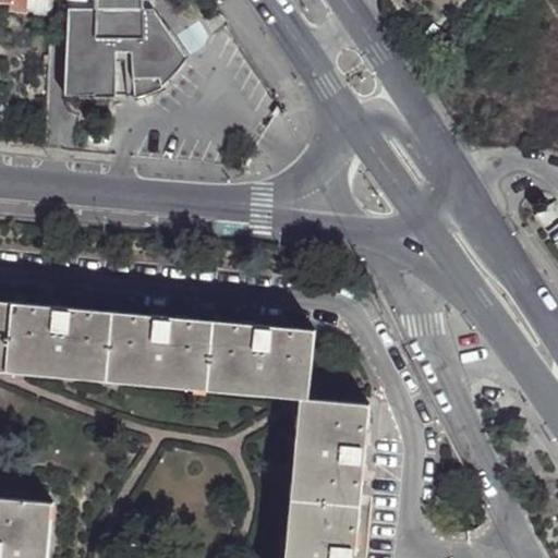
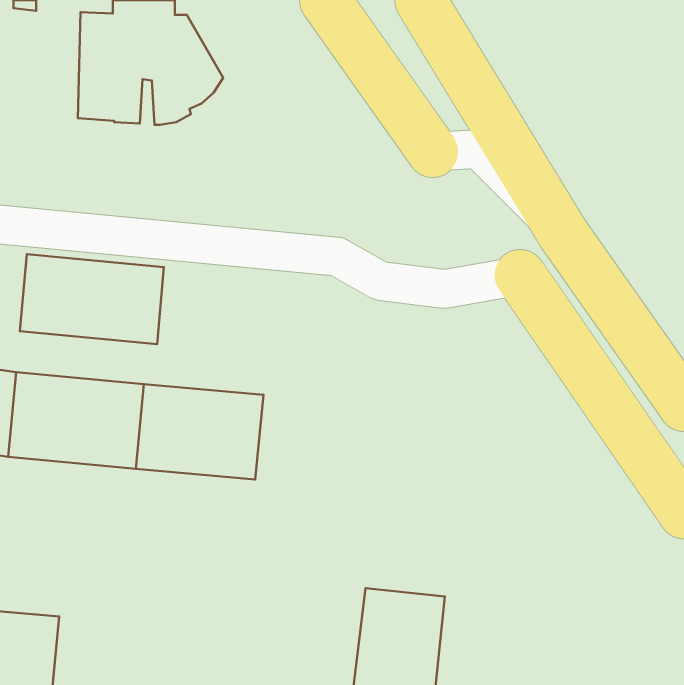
building: none -> [20,254,164,344]
building: [207,322,310,400] -> none
building: [296,398,367,485] -> none

